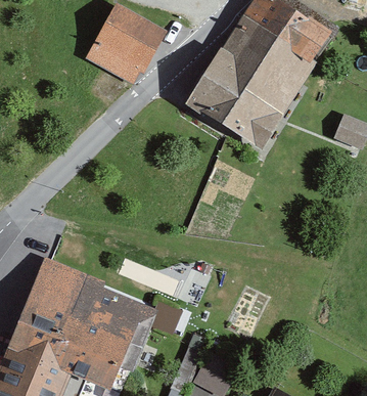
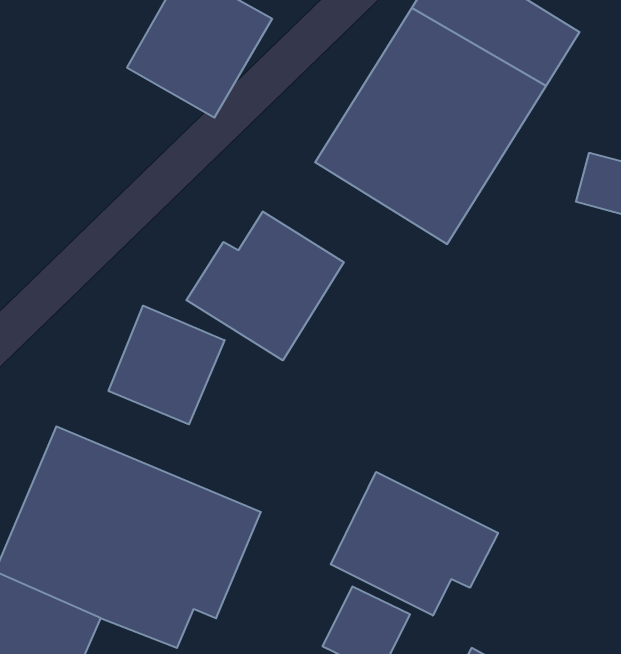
building: none -> [186,211,344,360]
building: none -> [109,306,225,424]
building: none -> [331,472,498,616]

